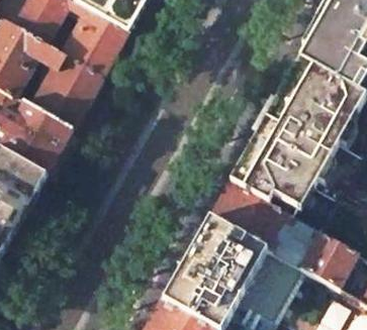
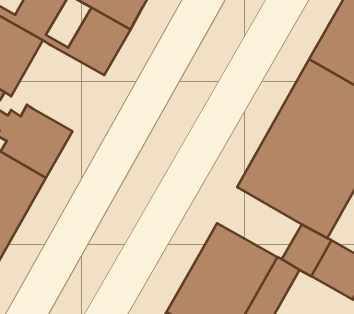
building: [33,46,101,128] -> none
building: [209,182,290,250] -> none

